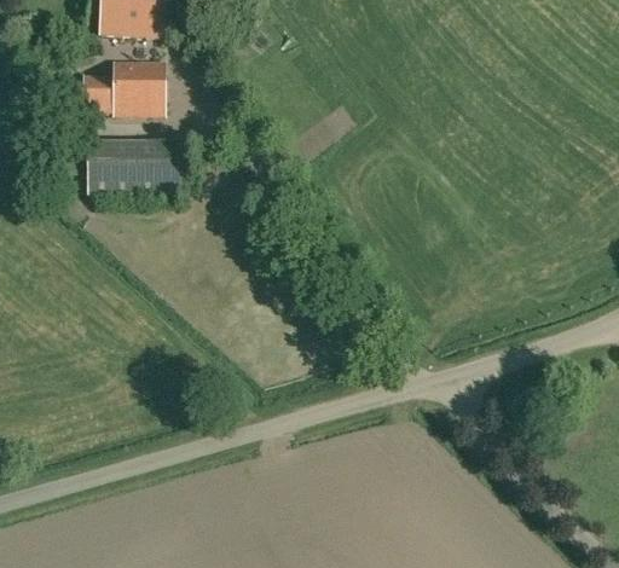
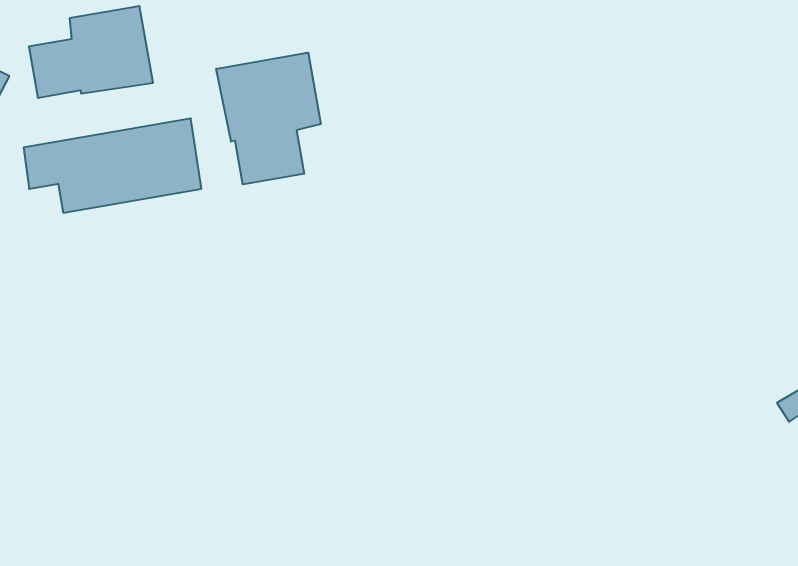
building: none -> [216,53,321,184]

